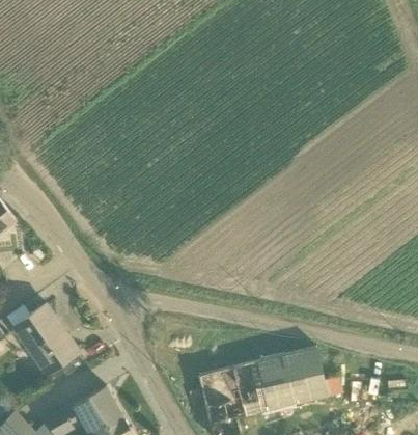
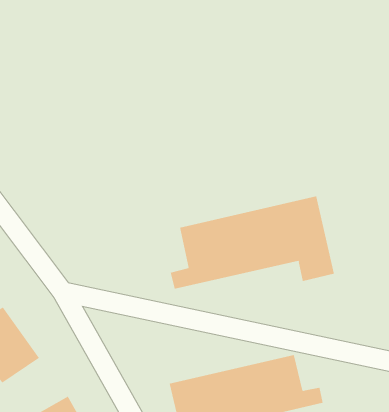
building: none -> [170,195,334,290]

